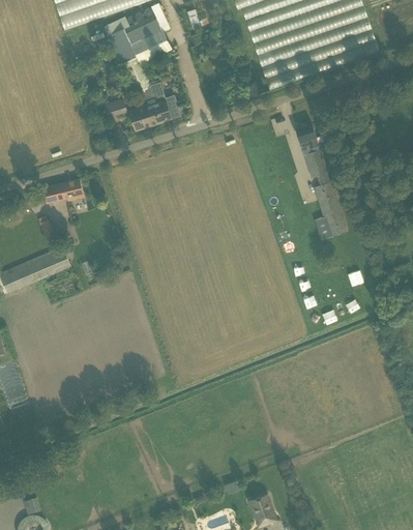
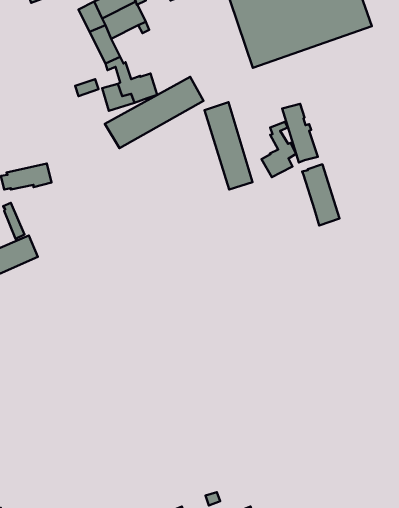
building: none -> [105,77,204,148]
building: none -> [204,102,252,189]
building: none -> [261,122,296,177]

